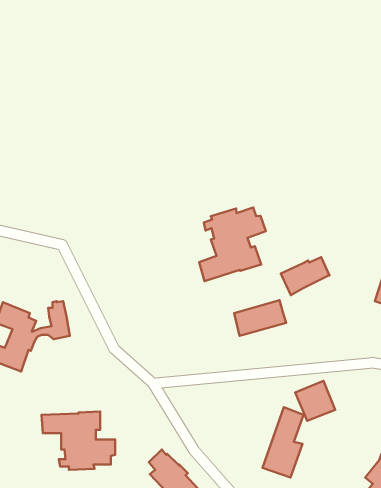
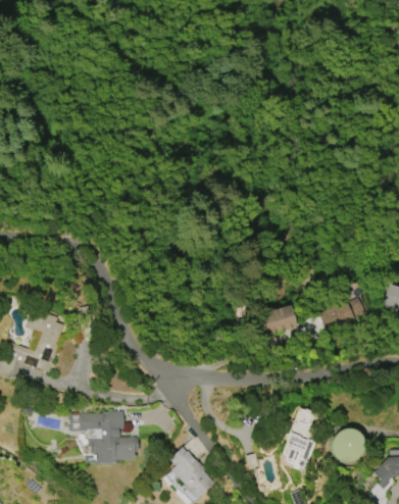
building: [199,207,266,281] -> none
building: [281,257,330,295] -> [321,297,367,333]
building: [295,381,335,421] -> [328,425,365,463]

